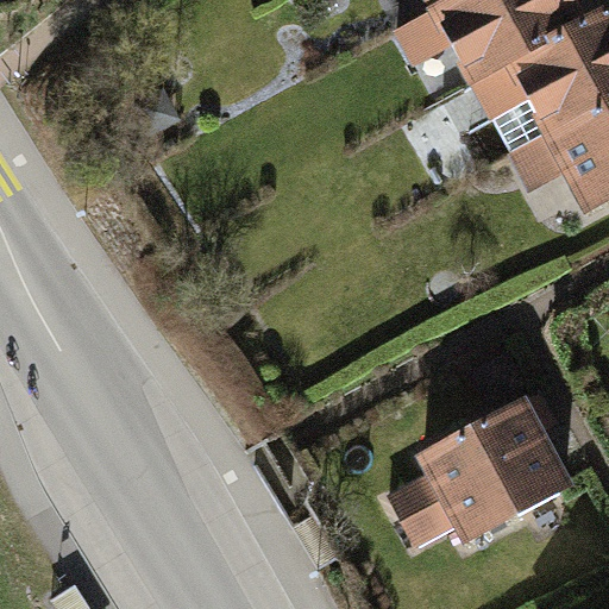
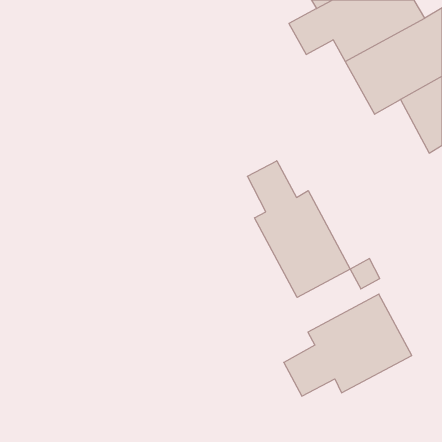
building: none -> [247,161,350,297]

